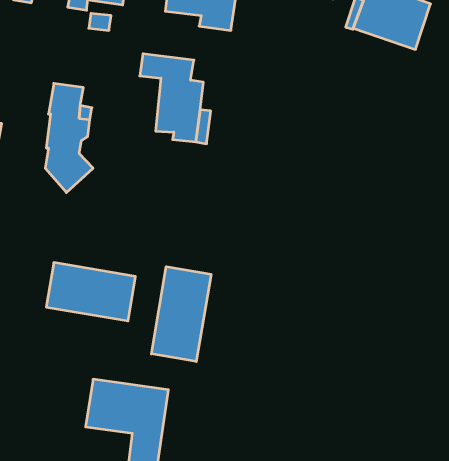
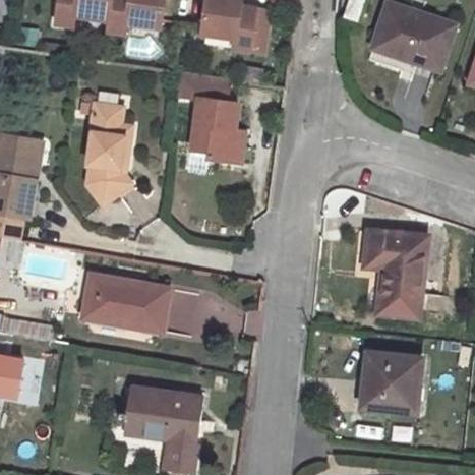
building: none -> [365,231,426,317]
building: [151,267,211,362] -> none
building: none -> [363,353,423,413]

